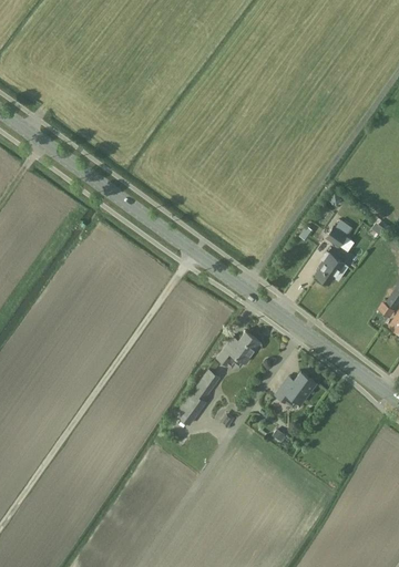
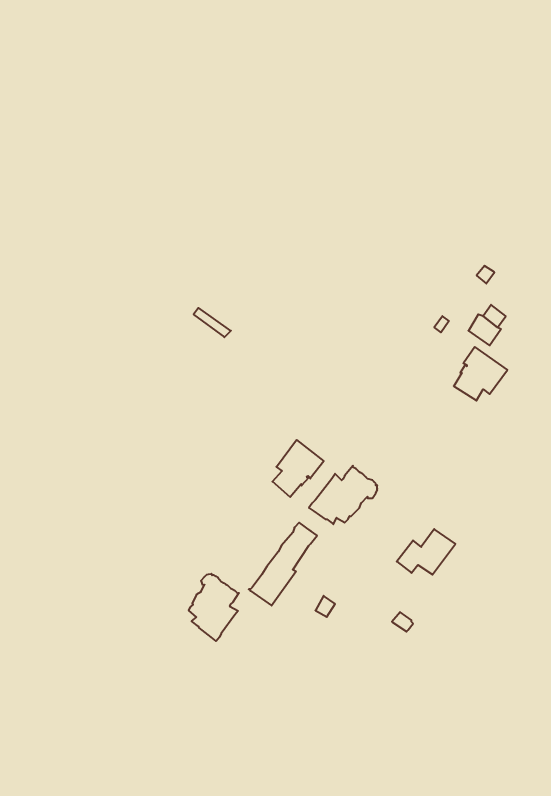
building: none -> [272,440,324,497]
building: none -> [189,574,239,641]

